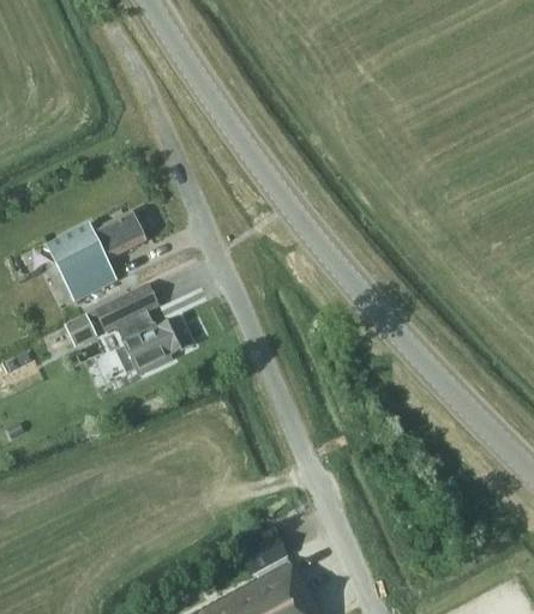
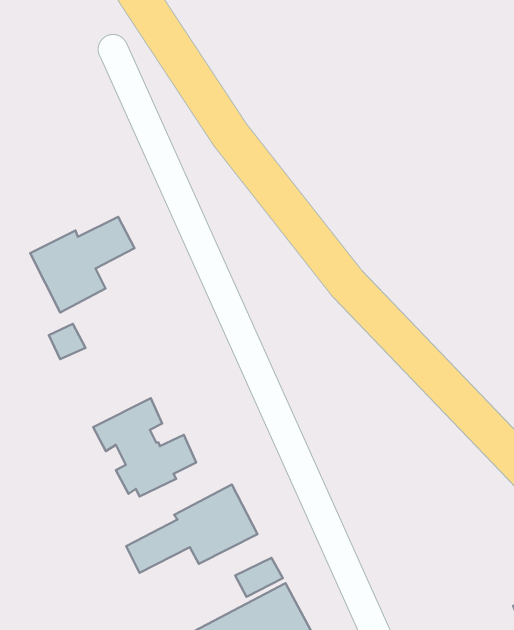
building: [94,283,192,377] -> [93,398,196,496]
building: none -> [126,484,257,573]

